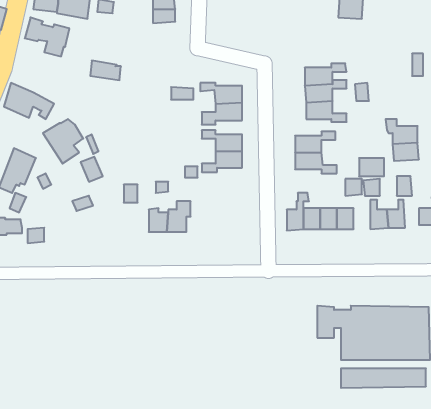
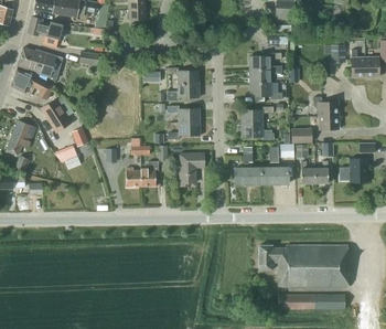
building: none -> [18,46,63,78]
building: none -> [180,152,204,184]

